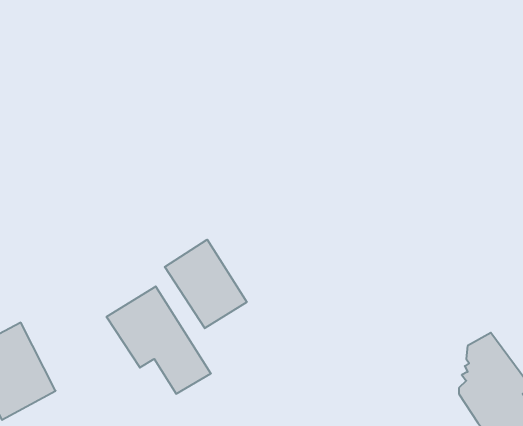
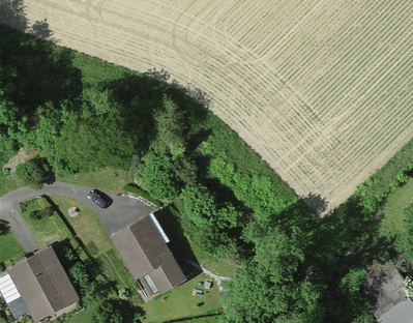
building: [165,240,247,328] -> none

